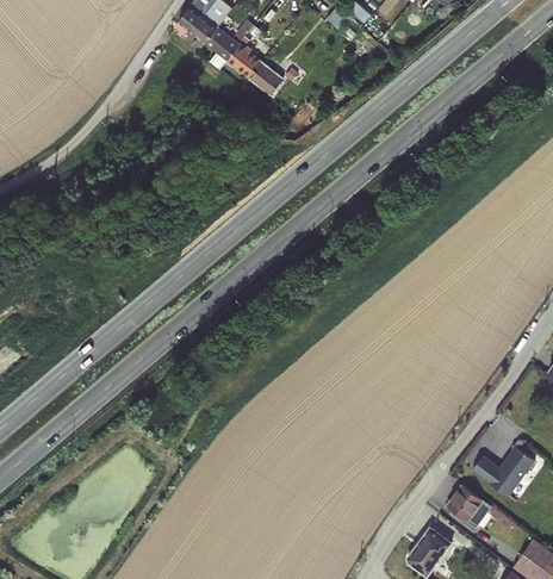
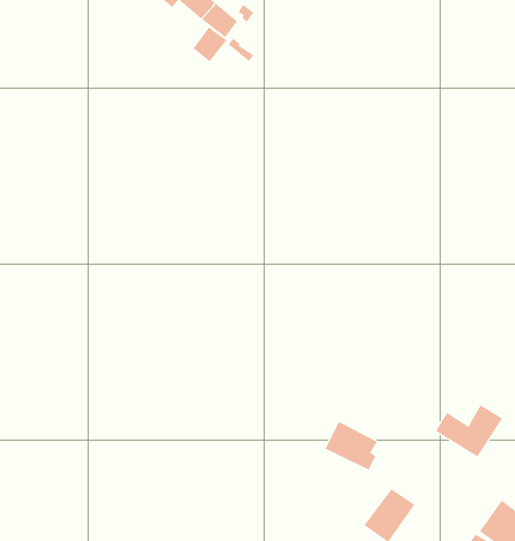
building: none -> [193,26,227,62]
building: [446,482,496,529] -> [325,421,377,470]

